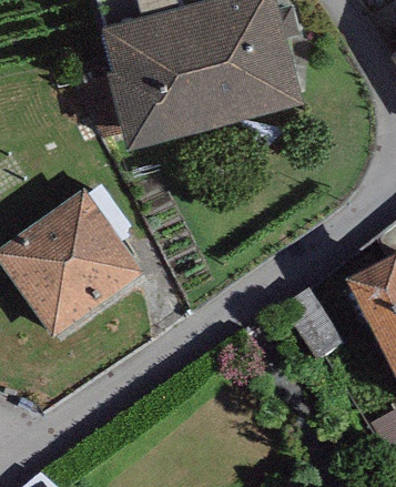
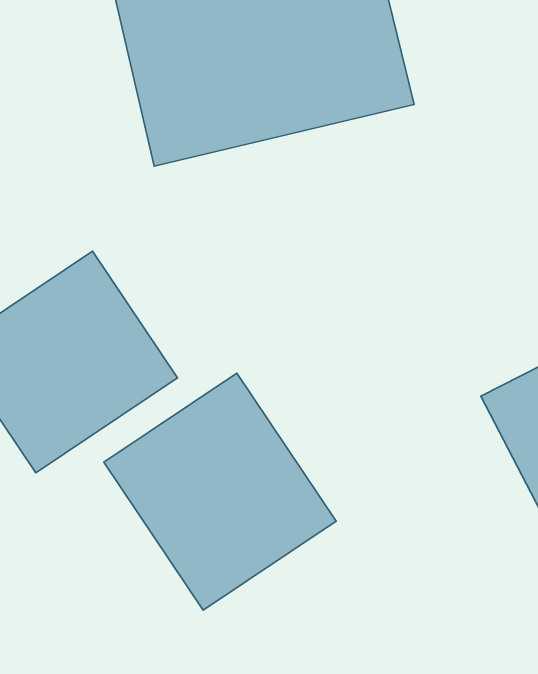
building: none -> [104,373,336,610]

